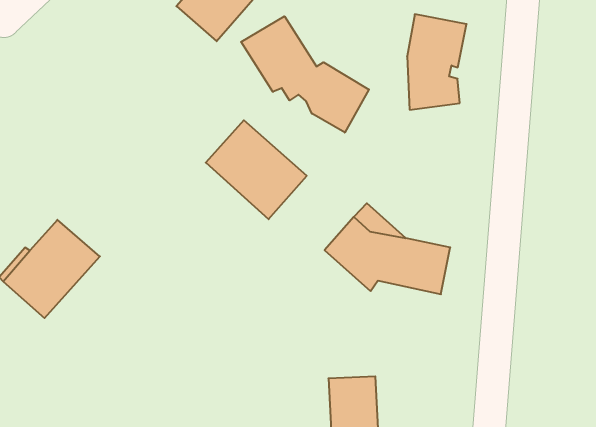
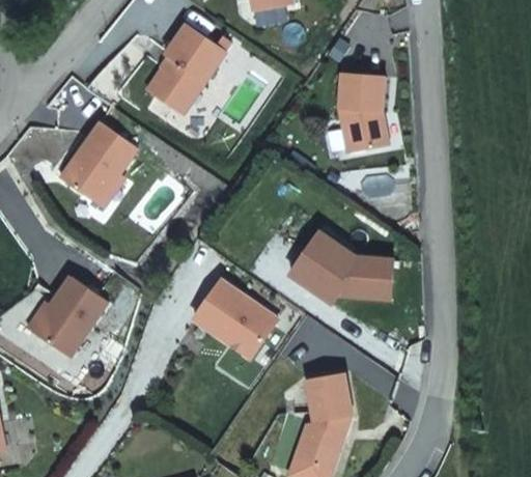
building: [241,16,369,133] -> none
building: none -> [62,120,137,203]
building: [206,120,307,219] -> [193,280,277,359]

